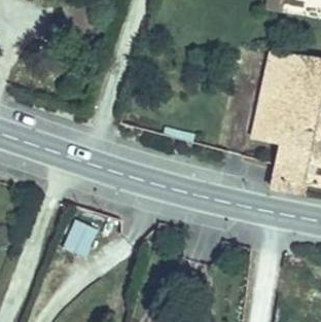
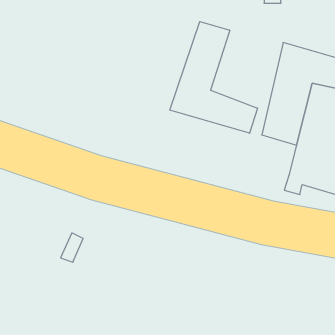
building: none -> [170,22,258,133]

